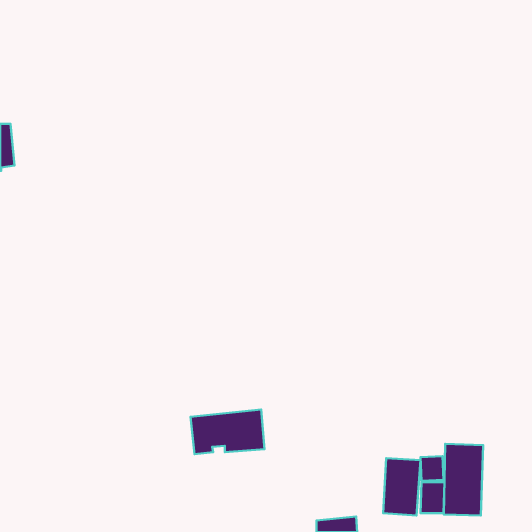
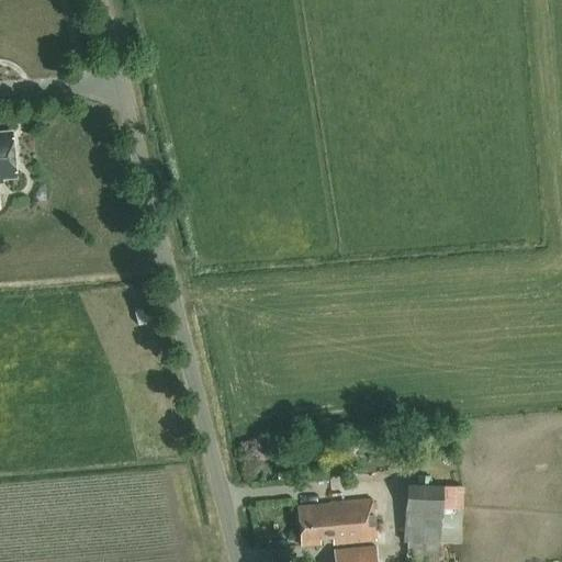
building: [190,409,264,454] -> [297,499,375,547]
building: [444,444,483,516] -> none

